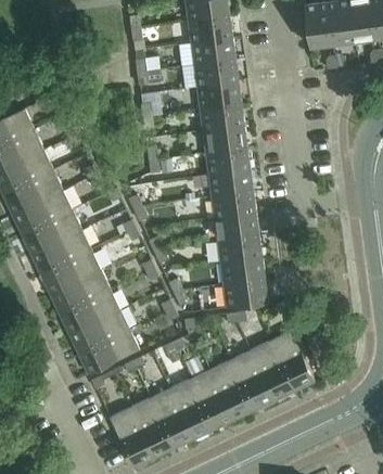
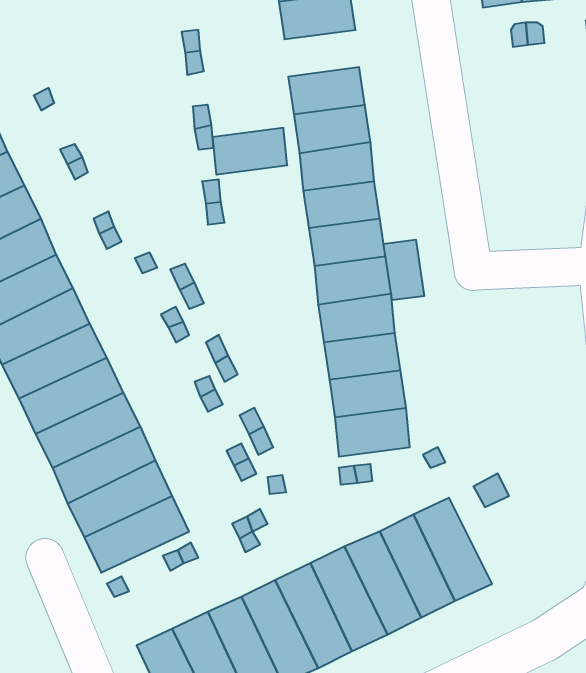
building: [194,60,238,87] -> [212,128,287,175]
building: none -> [384,240,424,300]

